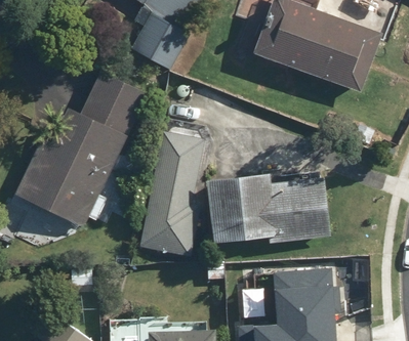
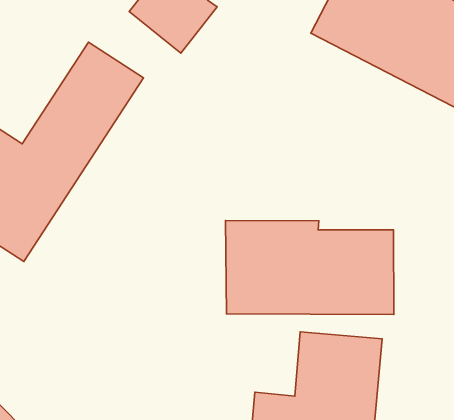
building: [136,125,204,260] -> none

